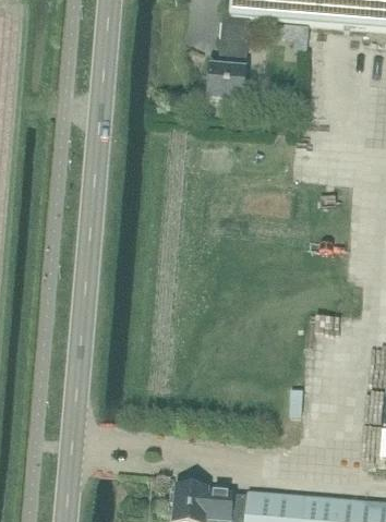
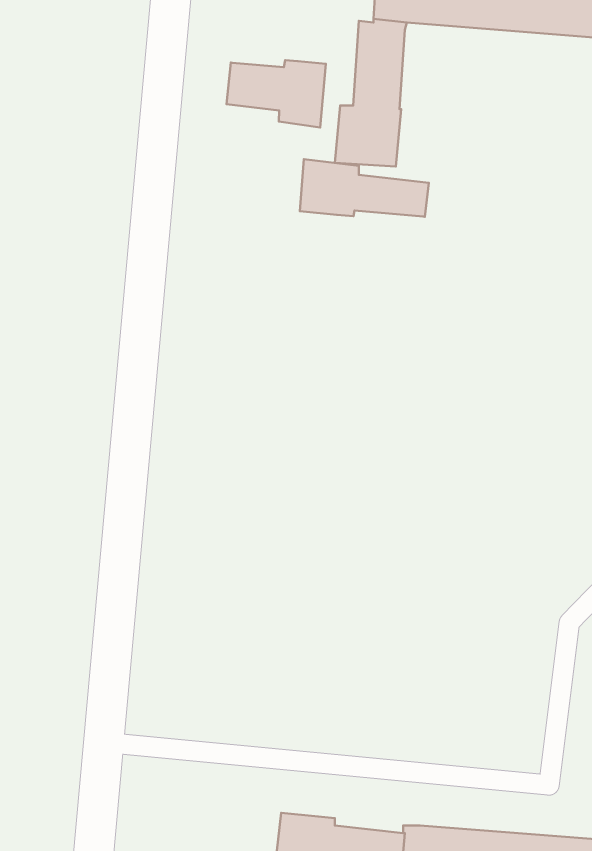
building: none -> [226,60,326,127]
building: none -> [300,159,429,217]

